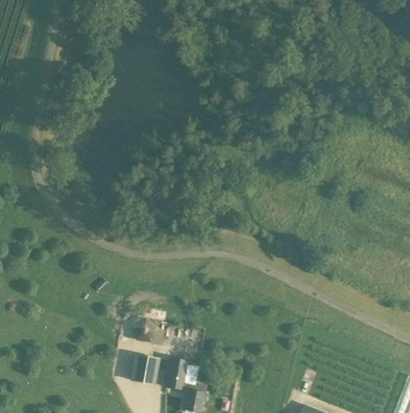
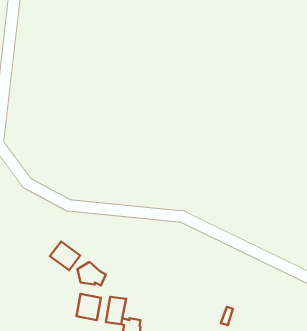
building: none -> [50,242,80,270]

